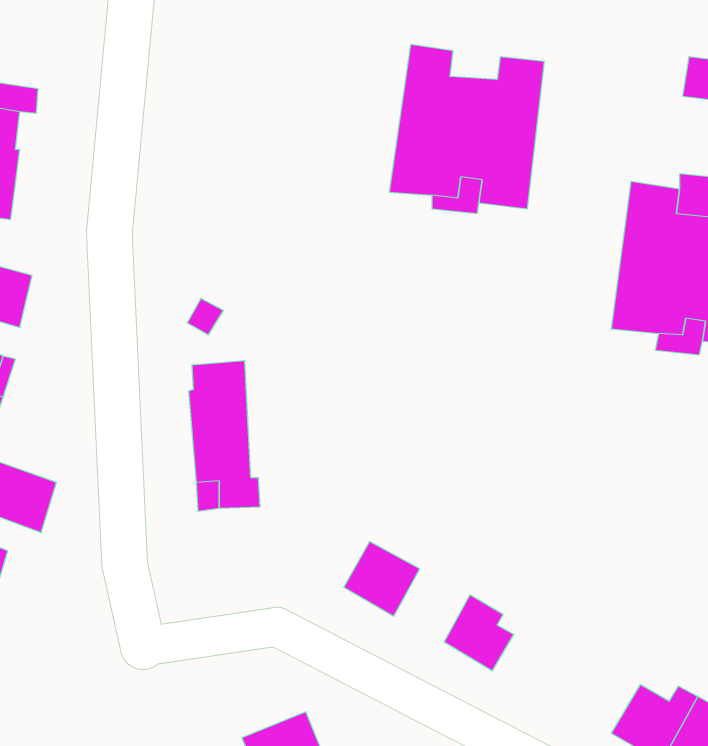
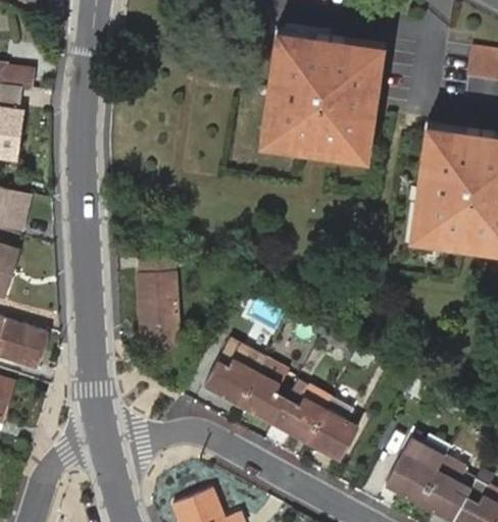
building: none -> [310,35,345,63]
building: none -> [203,340,264,404]
building: none -> [272,392,323,440]
building: none -> [384,437,444,502]

